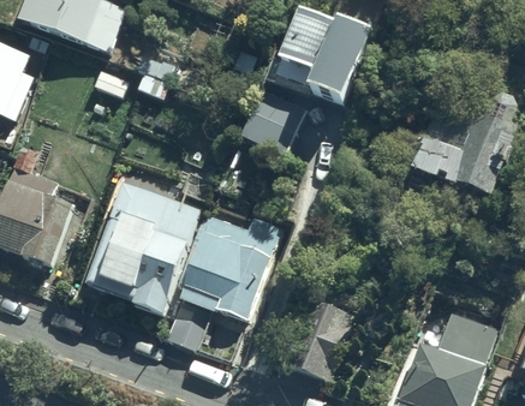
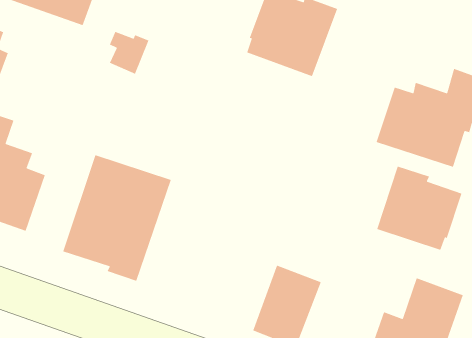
building: [244,92,305,154] -> none
building: none -> [376,166,462,251]
building: [165,214,281,350] -> none

